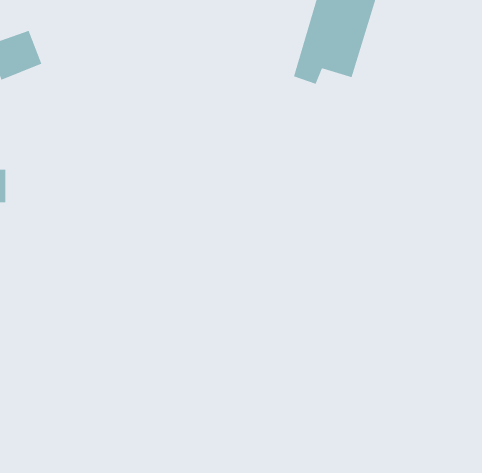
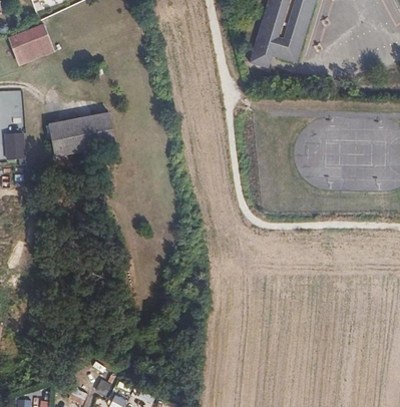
building: none -> [51,111,118,156]

